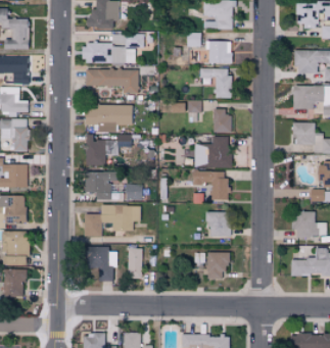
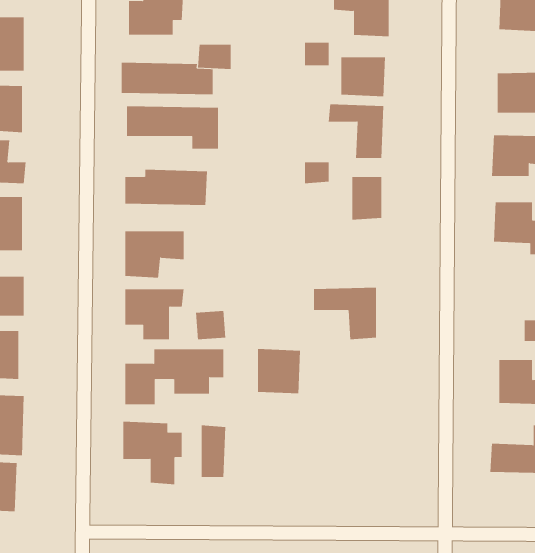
building: [194,137,230,168] -> none
building: [206,212,231,238] -> [257,349,301,394]
building: [198,253,228,280] -> none

